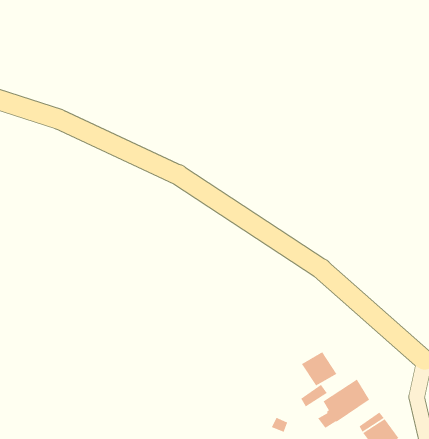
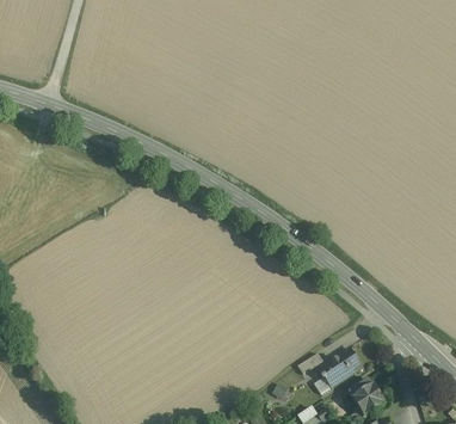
building: [301,351,338,387] -> none

